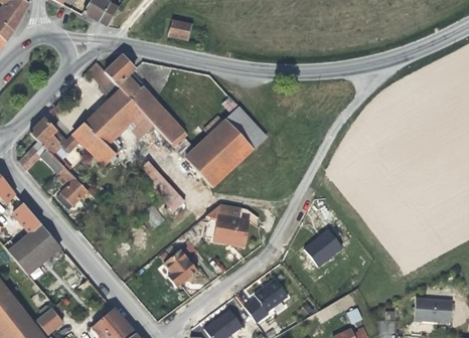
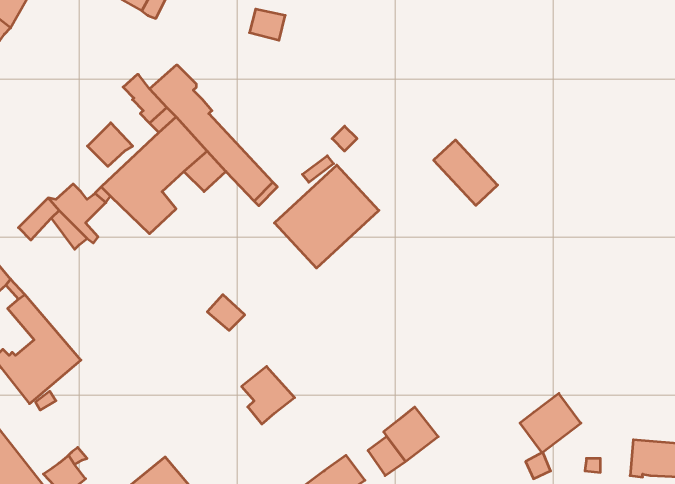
building: [224,108,266,150] -> [434,140,498,205]
building: [30,115,59,143] -> [87,123,133,166]
building: [137,160,185,209] -> none
building: [56,168,89,209] -> none
building: [204,204,249,247] -> none
building: [303,227,342,266] -> [520,393,581,453]

